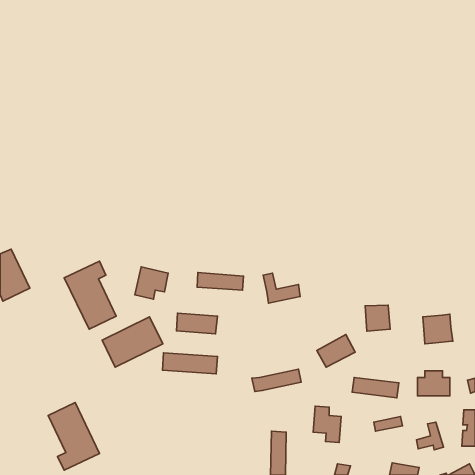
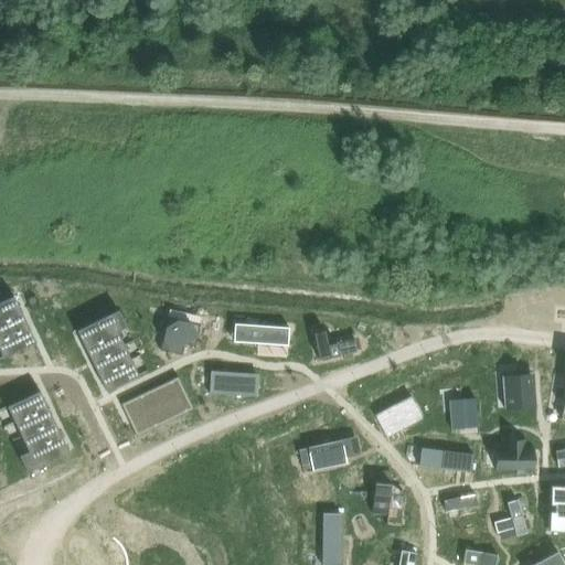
building: [365,305,390,331] -> [448,398,478,429]
building: [162,353,218,374] -> none
building: [48,402,99,470] -> [8,391,68,471]

